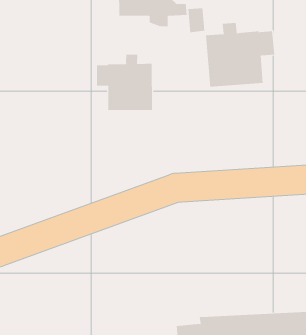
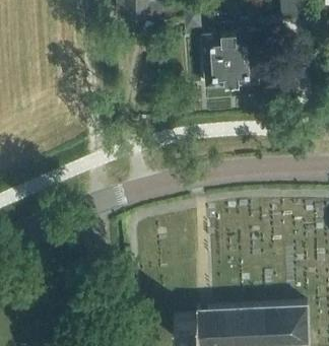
building: [96,54,153,111] -> none

